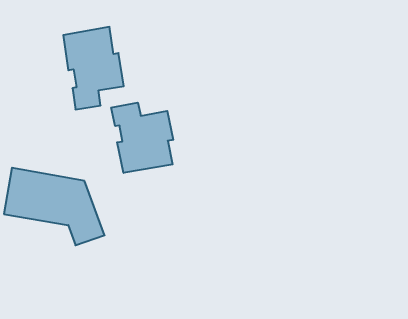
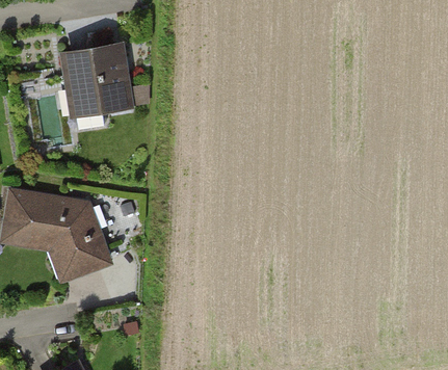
building: [111,103,173,173] -> none

